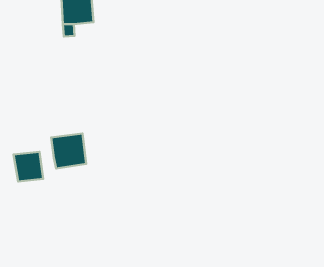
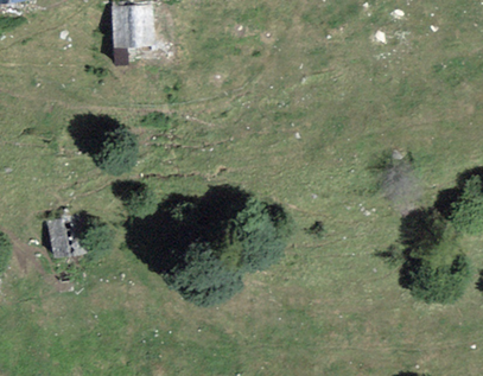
building: [51,133,86,169] -> none

